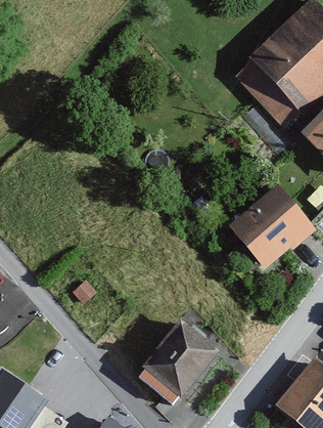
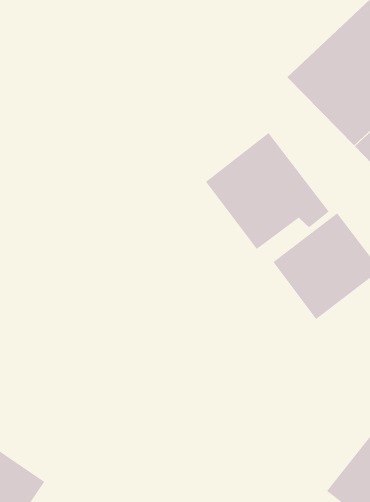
building: none -> [205,132,329,250]
building: [141,316,221,398] -> none

